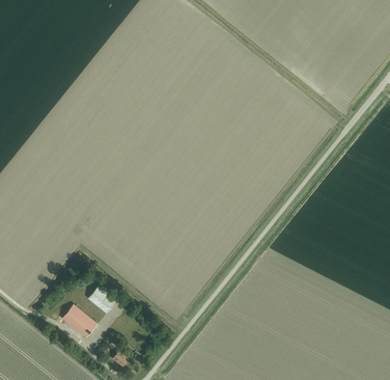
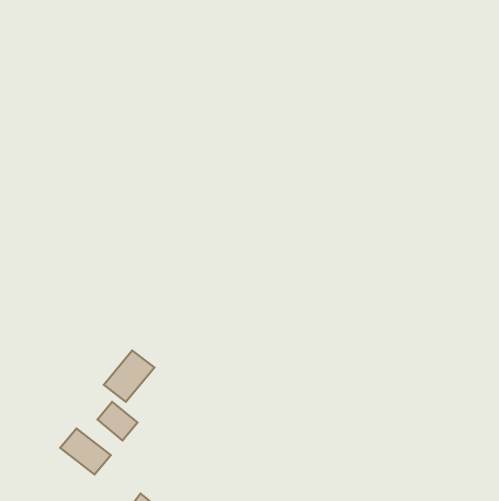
building: none -> [104,351,154,402]

